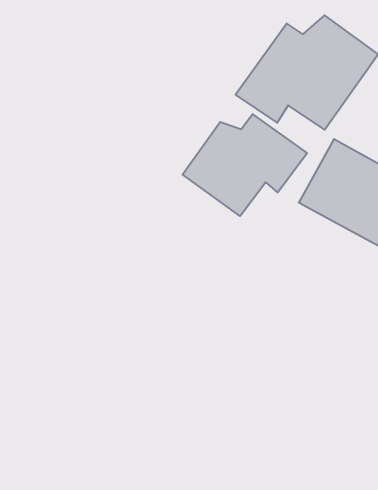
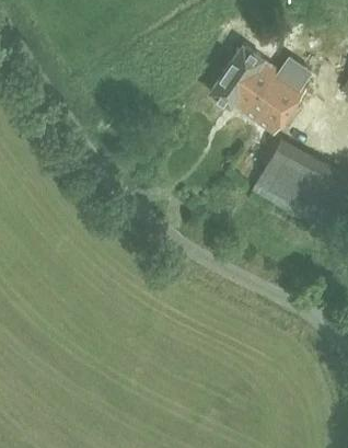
building: [183,114,307,216] -> none

